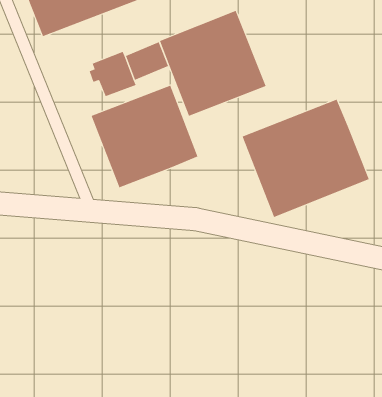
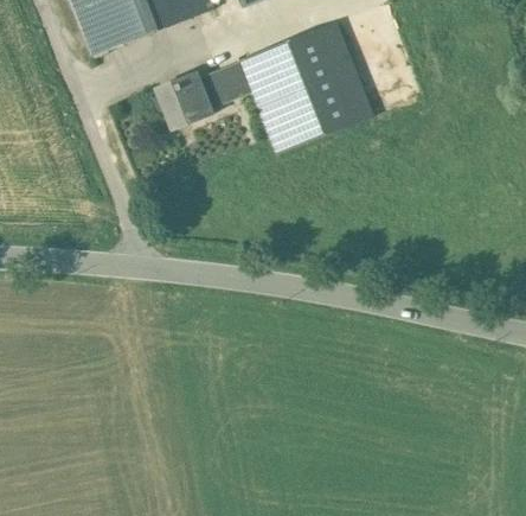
building: [91,85,198,188] -> none
building: [242,99,369,218] -> none

